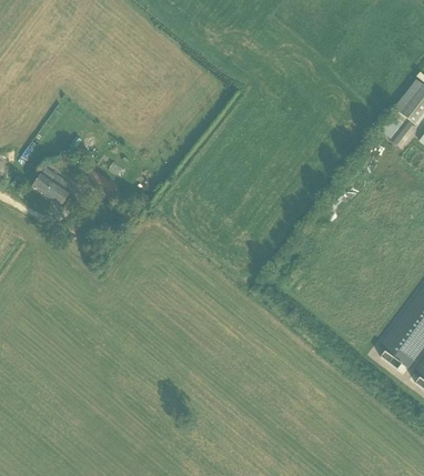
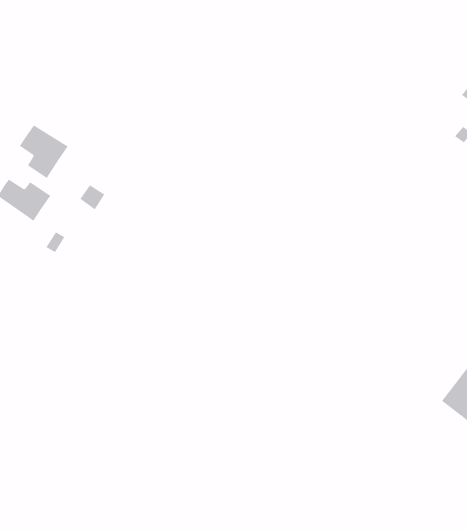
building: none -> [19,124,69,179]

